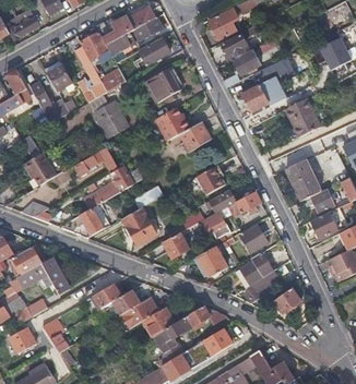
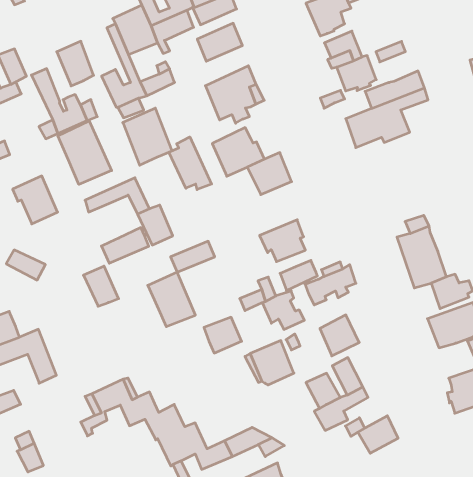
building: [286,99,320,137] -> none
building: none -> [58,121,112,184]
building: none -> [169,137,212,190]

